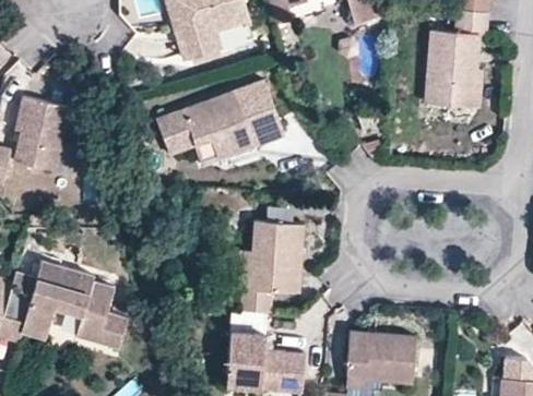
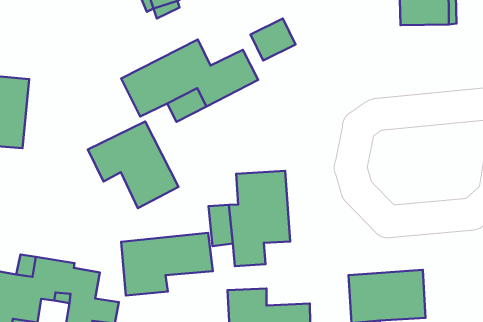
building: [234,77,275,115] -> [250,19,295,60]
building: none -> [88,121,178,208]
building: none -> [121,233,213,296]

